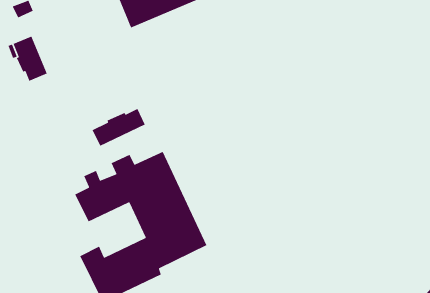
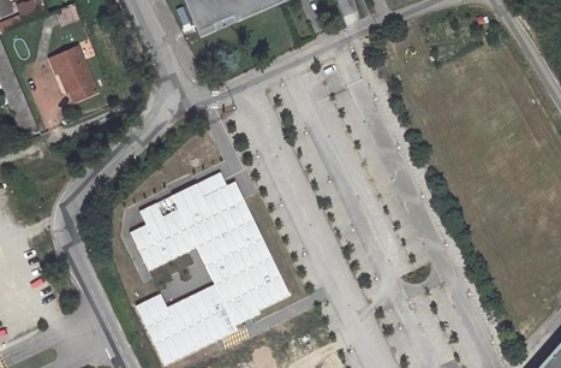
building: [92,108,146,147] -> none

